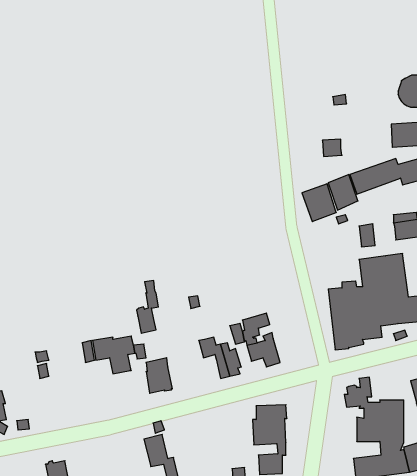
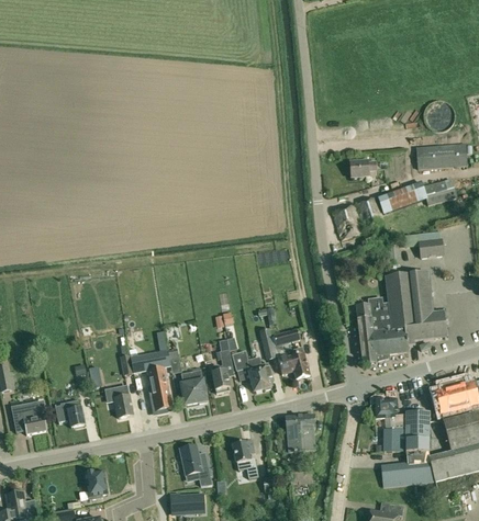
building: [137,281,158,333] -> [211,339,232,389]
building: none -> [148,383,171,414]
building: none -> [105,385,133,418]
building: none -> [56,399,85,428]
building: none -> [233,440,258,478]

